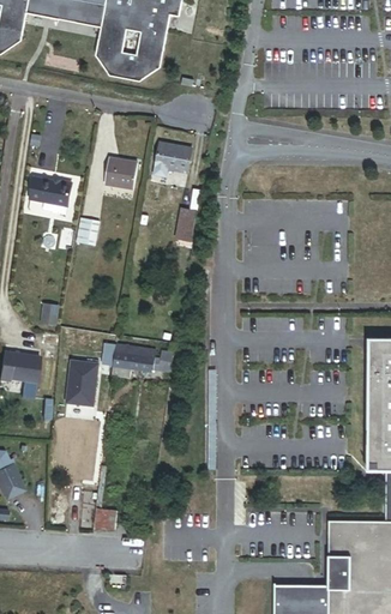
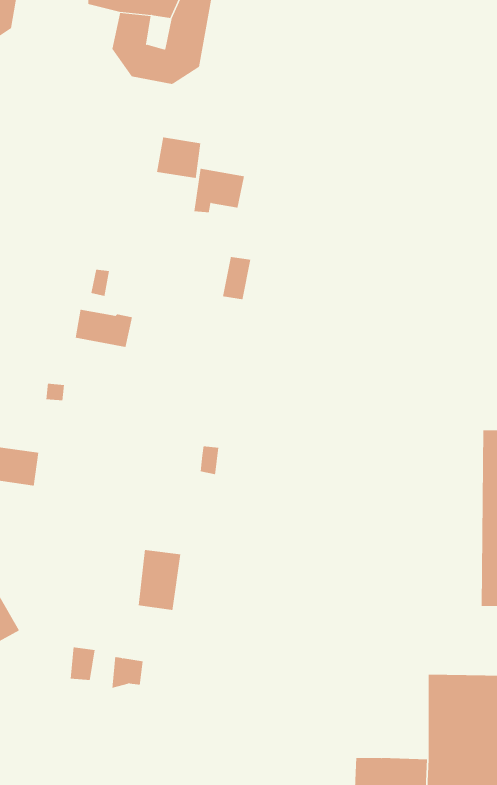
building: [103,158,137,189] -> [156,137,201,178]
building: [29,179,72,207] -> [75,309,133,348]
building: [113,344,154,378] -> none
building: [65,360,97,405] -> [138,549,181,610]

